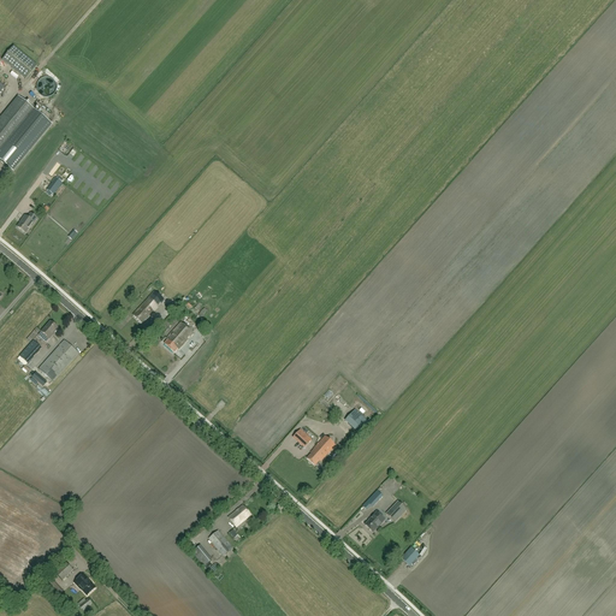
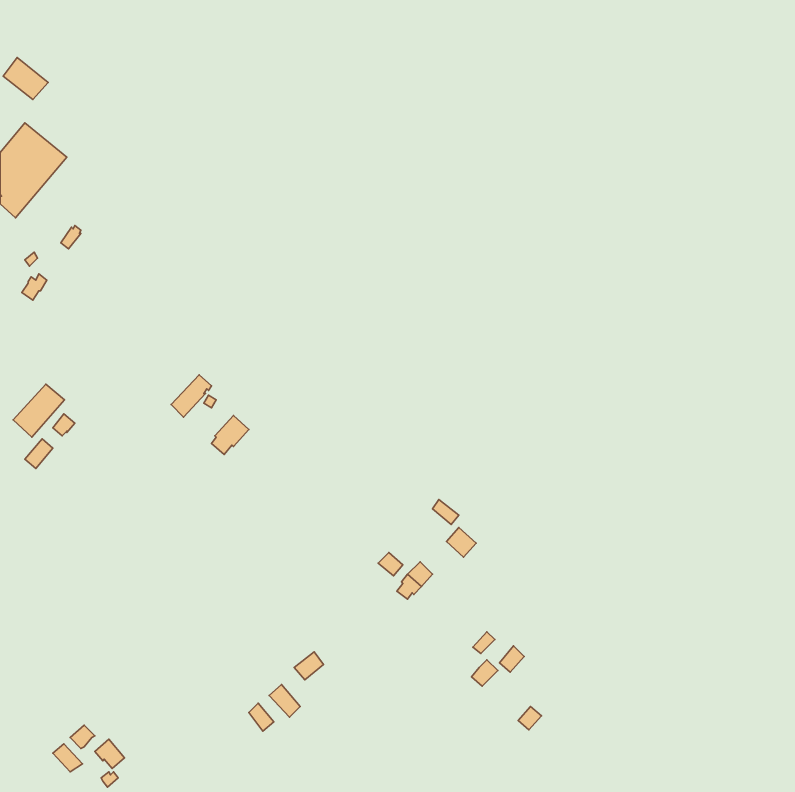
building: [38,339,78,380] -> [13,384,65,437]

